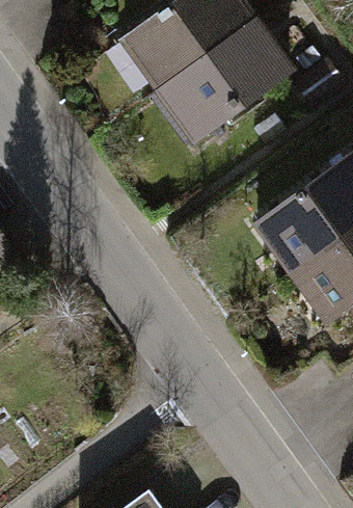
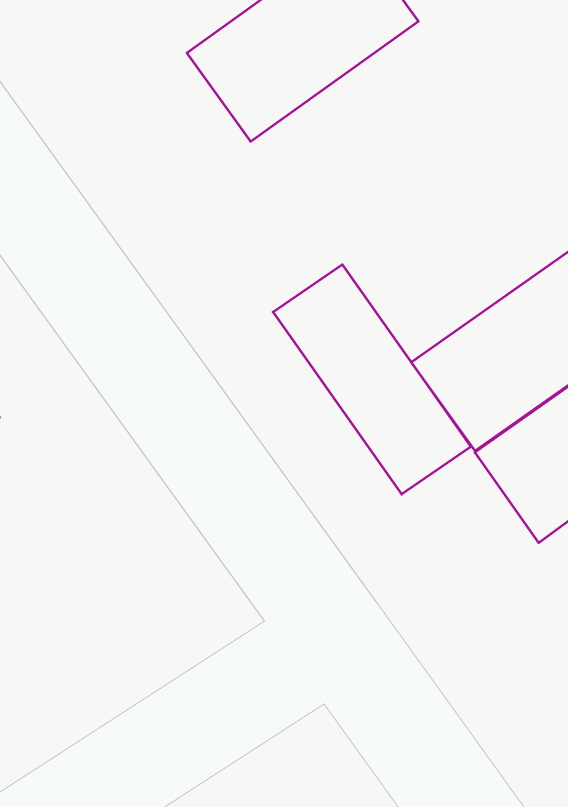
building: [159,22,295,144] -> none
building: none -> [273,265,471,494]

